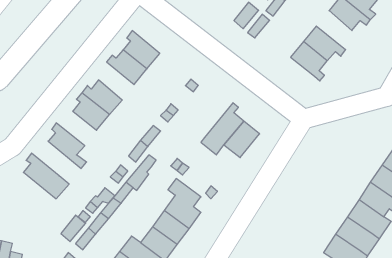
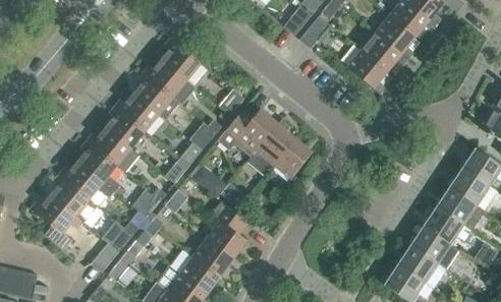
building: none -> [375,15,414,59]
building: none -> [132,72,178,119]
building: none -> [217,109,277,157]
building: none -> [86,127,137,172]
building: none -> [58,161,113,199]
building: none -> [30,195,75,234]

